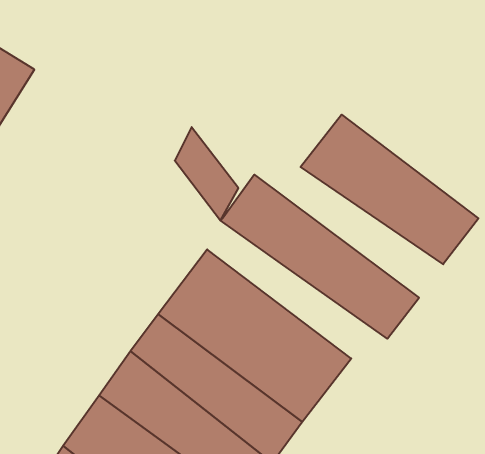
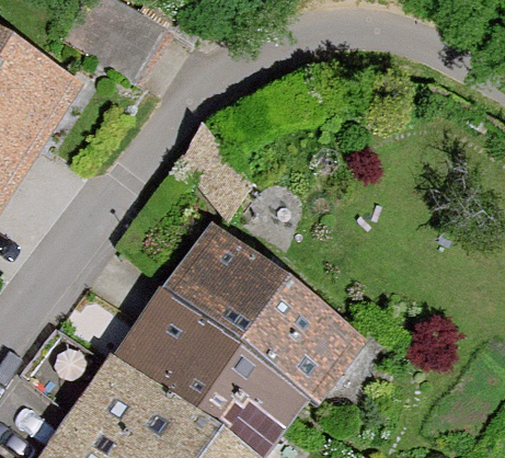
building: [301,115,478,264] -> none
building: [220,175,419,339] -> none

